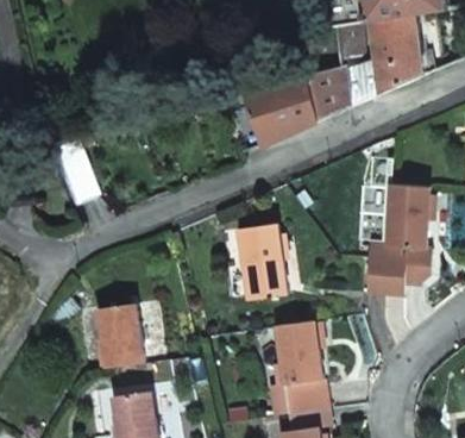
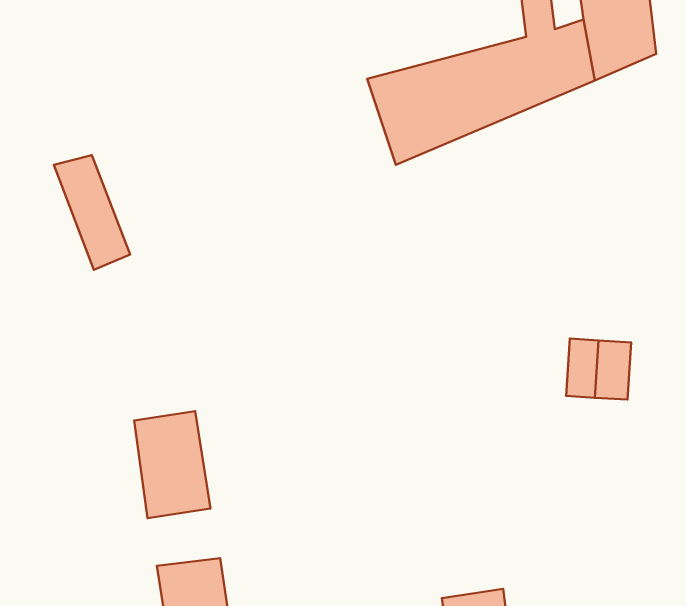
building: [387,183,428,246] -> none
building: [238,221,288,300] -> none
building: [277,323,327,415] -> none

